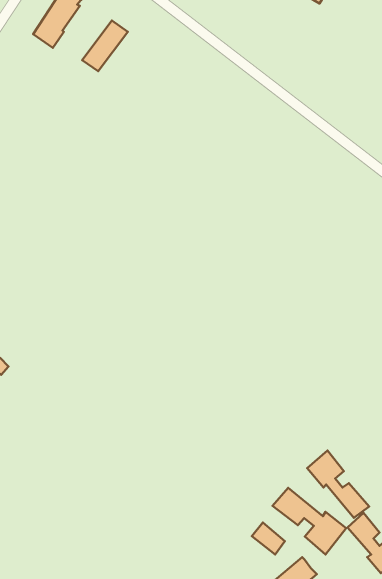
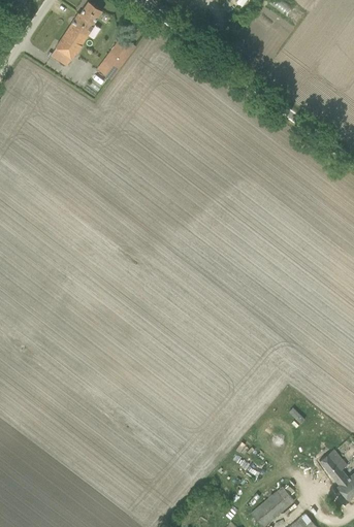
building: [307,451,369,518] -> none
building: [272,488,346,554] -> none

